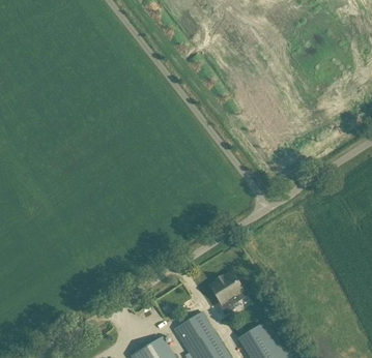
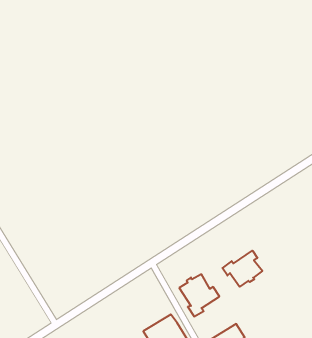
building: none -> [222,251,262,287]

